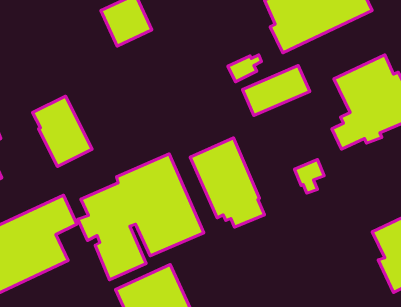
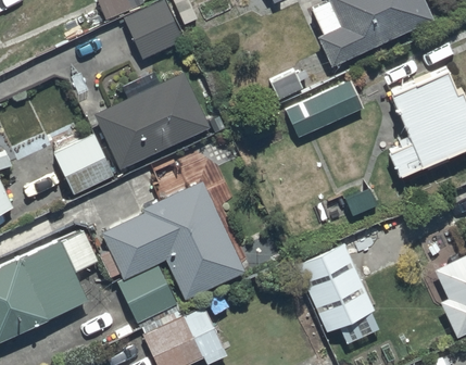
building: none -> [96,73,210,169]
building: [190,138,264,227] -> [295,243,379,344]

